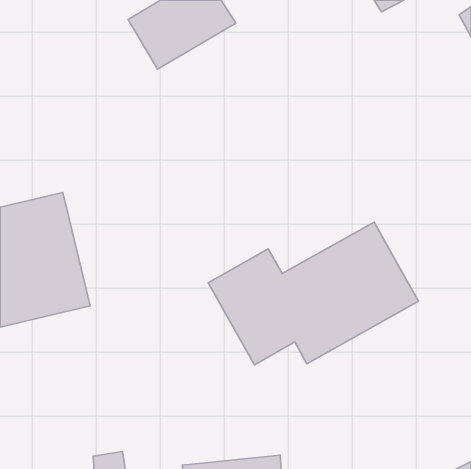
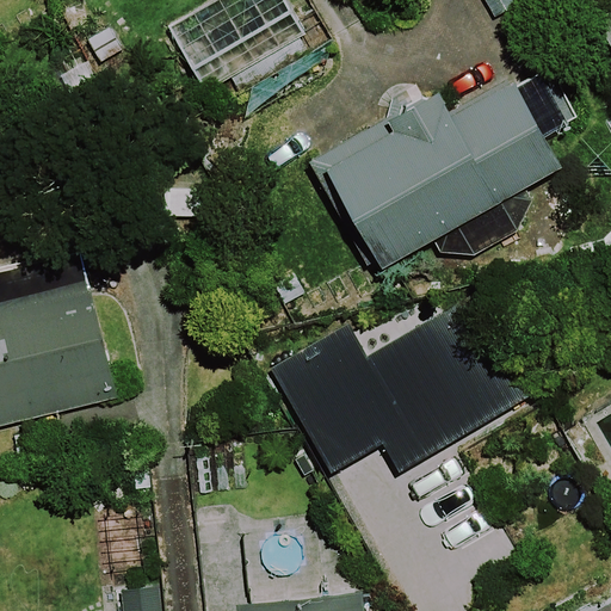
building: none -> [308,72,569,274]

